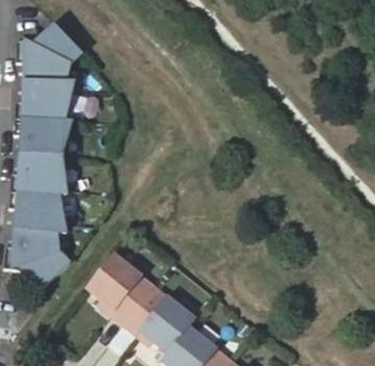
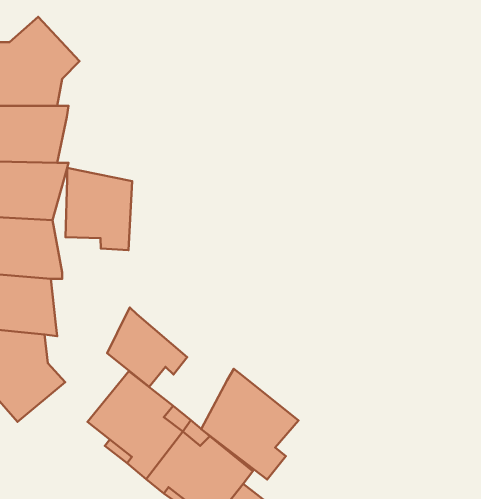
building: none -> [65,168,132,250]
building: none -> [107,308,187,387]
building: none -> [201,369,299,479]

